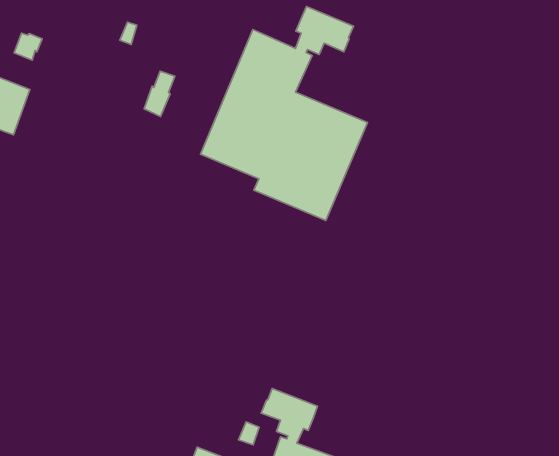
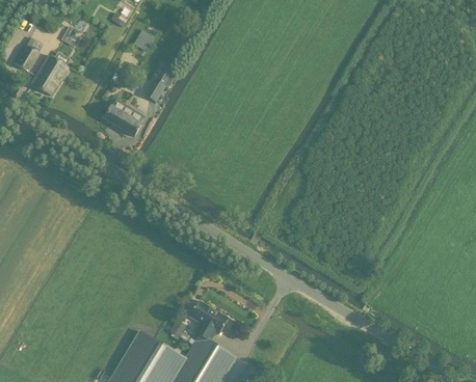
building: [200,7,368,220] -> none
building: none -> [103,99,143,135]

